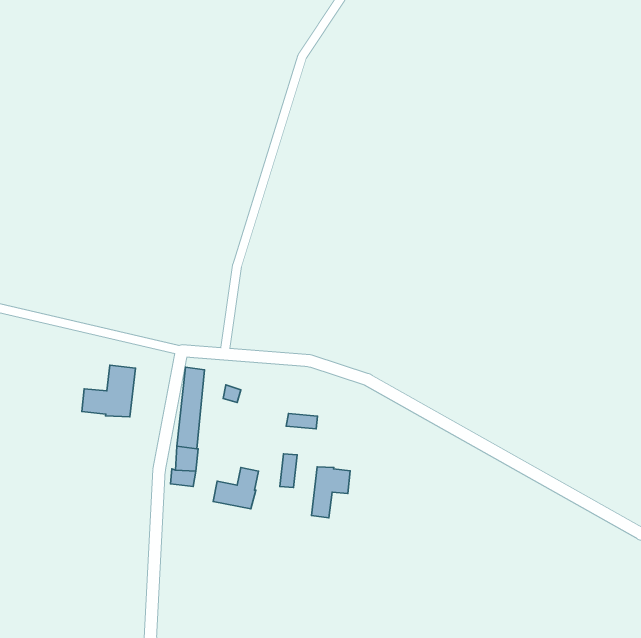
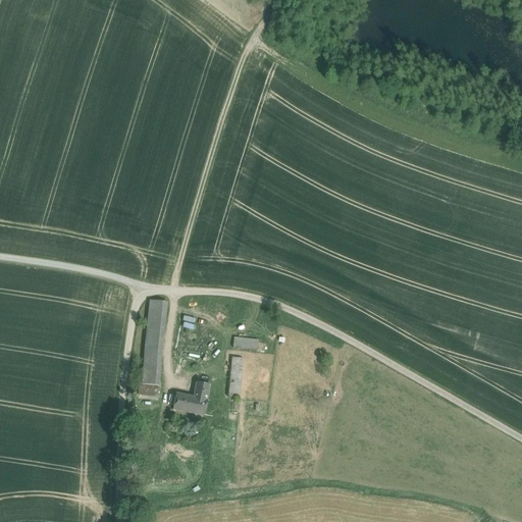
building: [82,365,135,417] -> none
building: [311,467,350,518] -> none

